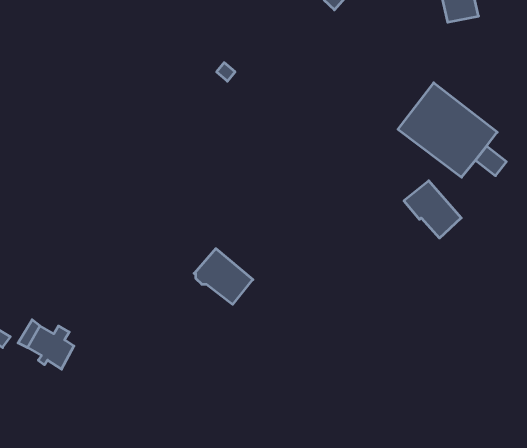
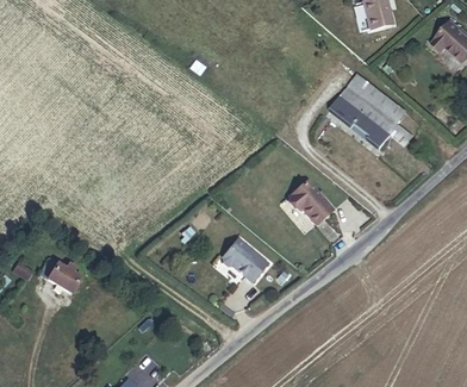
building: [404,181,461,238] -> [288,180,332,224]
building: [194,249,253,304] -> [222,238,267,281]

